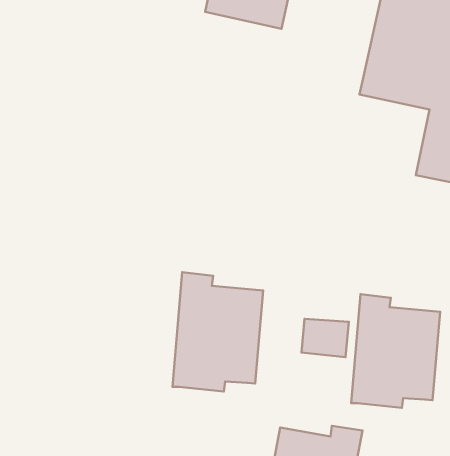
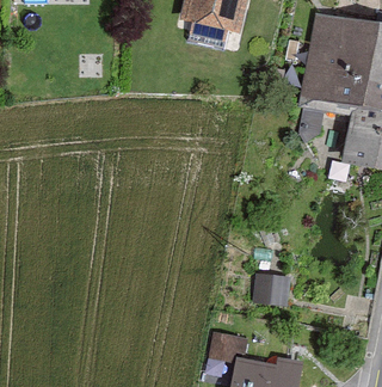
building: [173,272,263,392] -> none
building: [351,294,440,408] -> none

